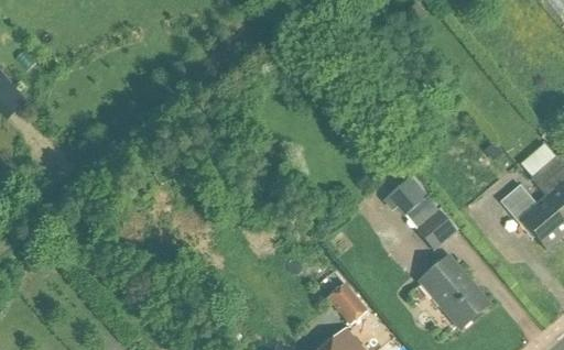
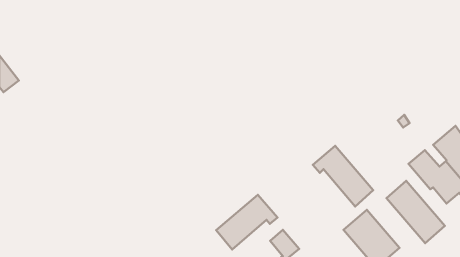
building: none -> [387,181,445,243]
building: none -> [216,195,278,249]

